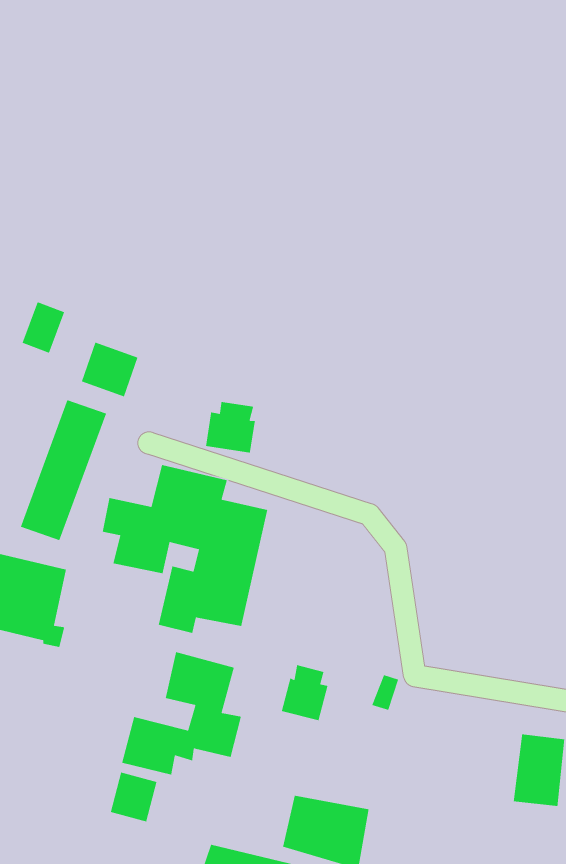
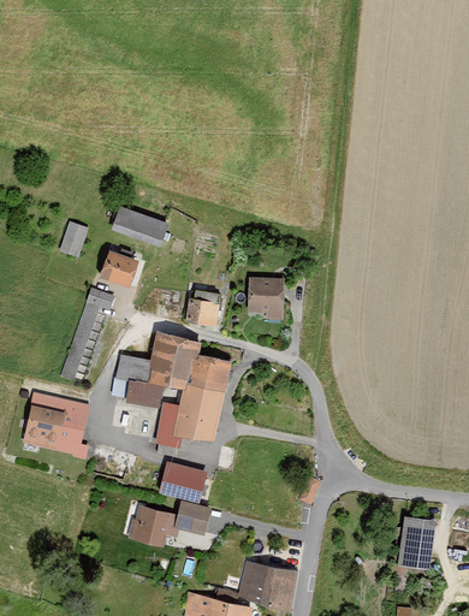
building: none -> [113,205,171,245]
building: none -> [250,276,286,320]
building: [281,664,329,721] -> none
building: [110,771,157,822] -> none

